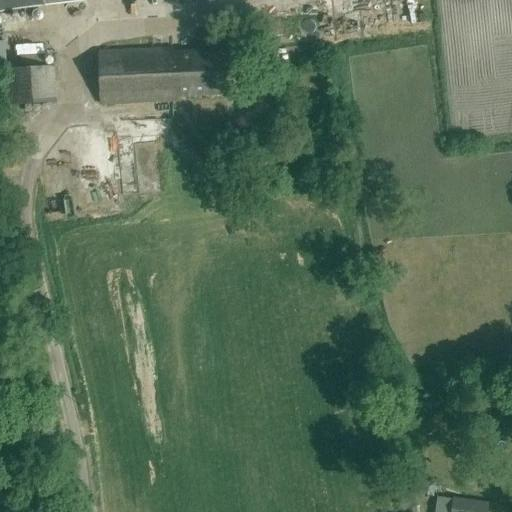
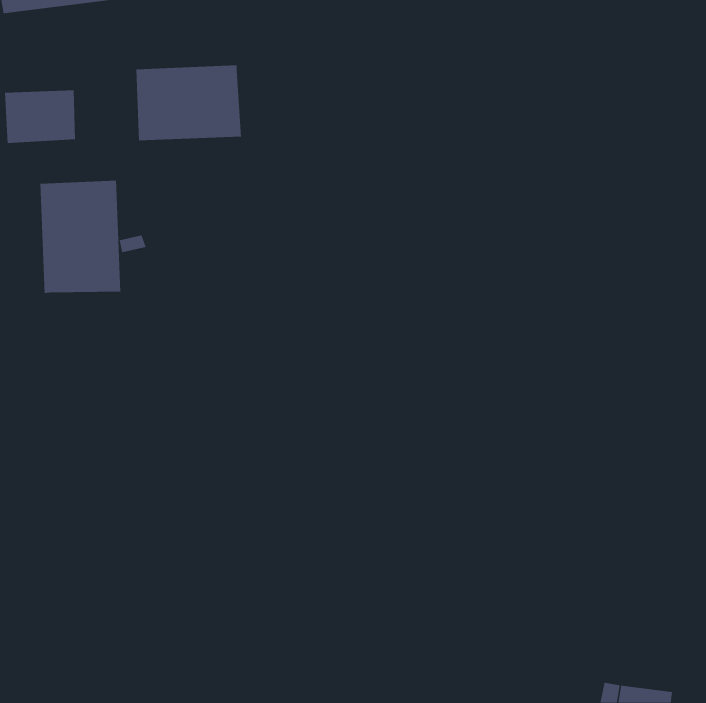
building: [172,49,224,99] -> none
building: none -> [40,180,121,294]

